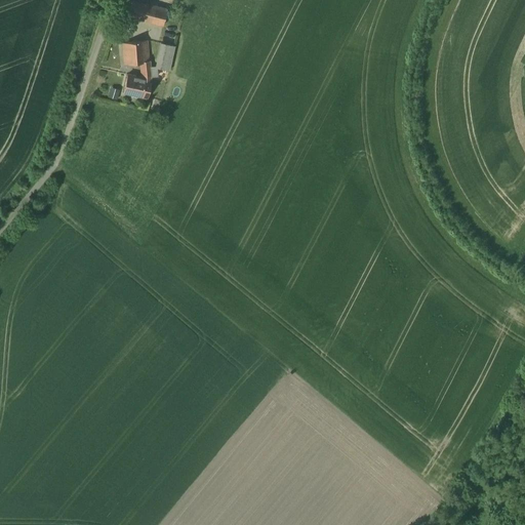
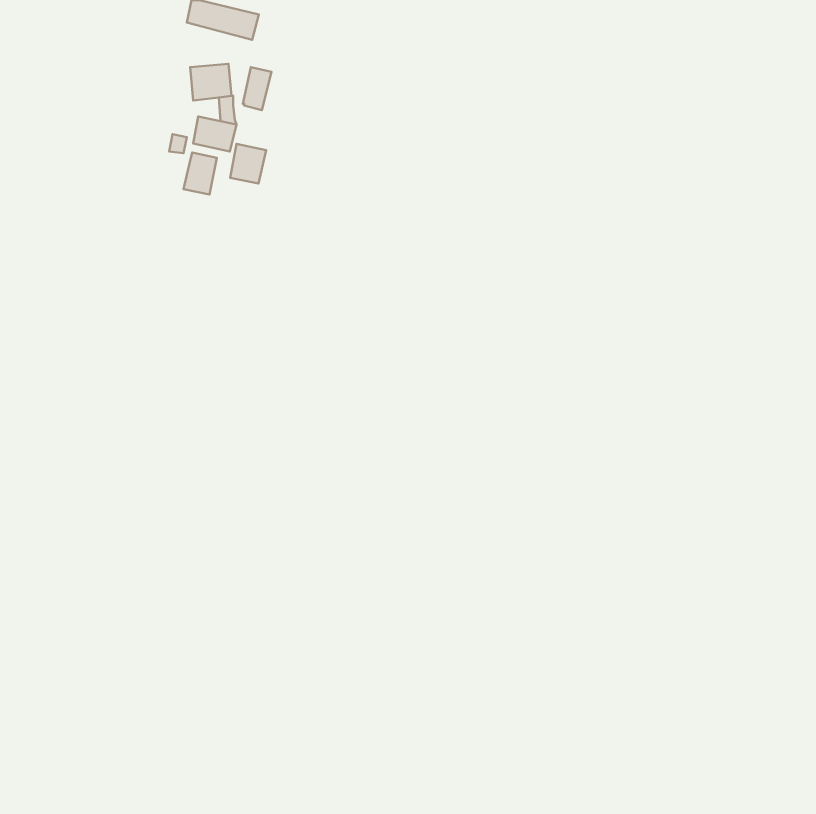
building: none -> [230,144,266,183]
building: none -> [184,153,217,194]

